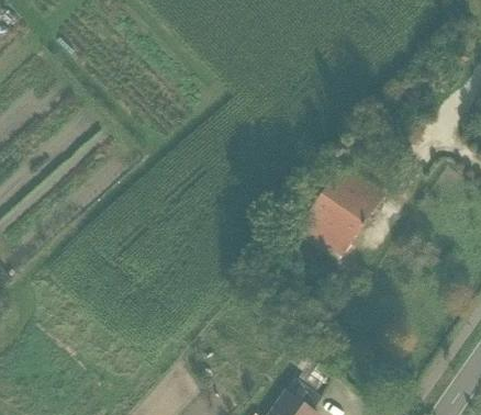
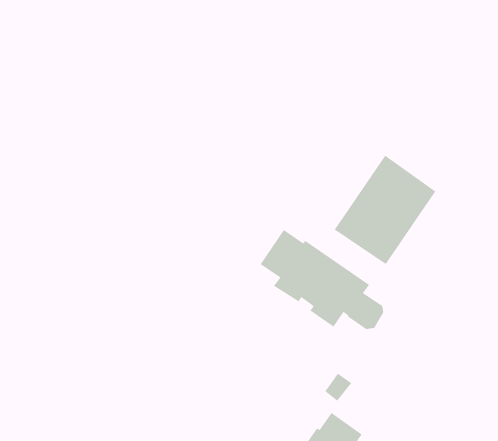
building: none -> [260,229,384,330]

